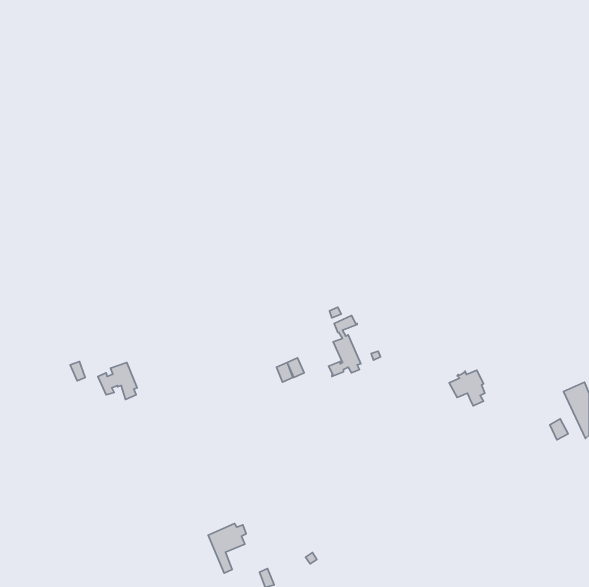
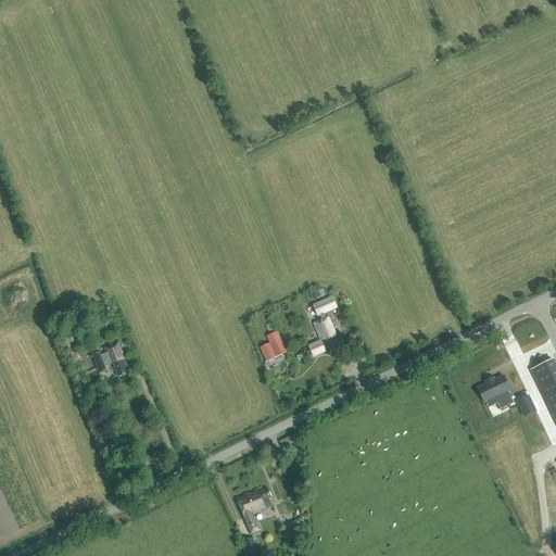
building: [449,370,485,406] -> [478,376,511,409]
building: [208,524,246,573] -> [237,486,273,533]

